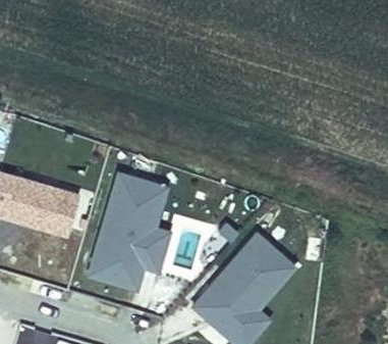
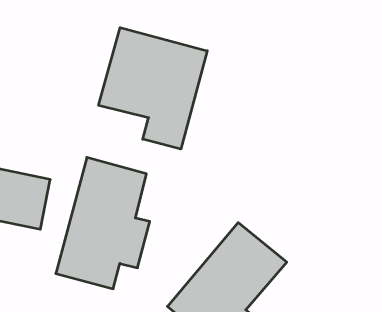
building: none -> [99,28,207,149]

